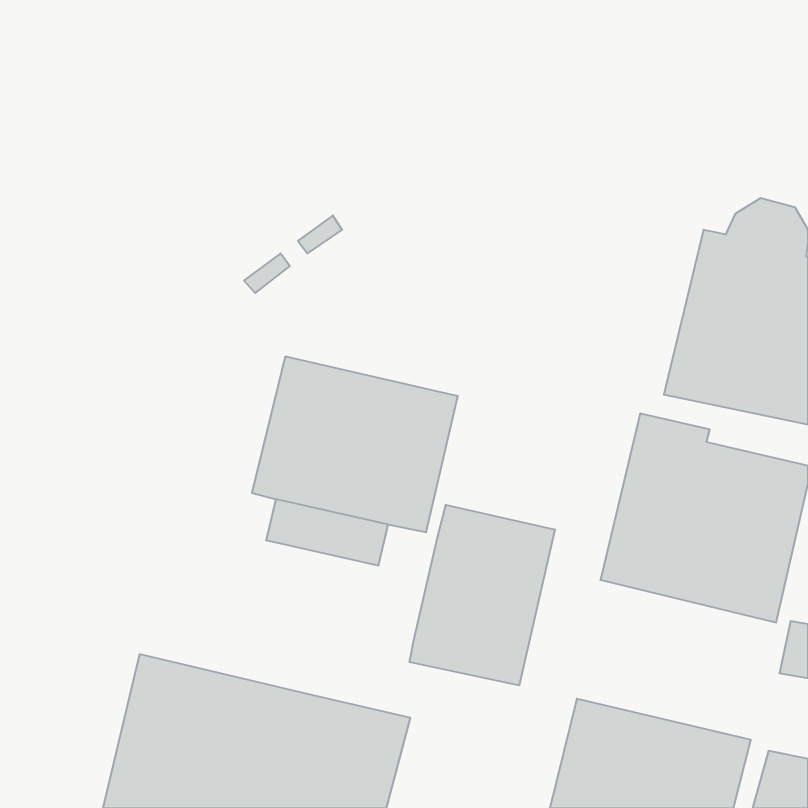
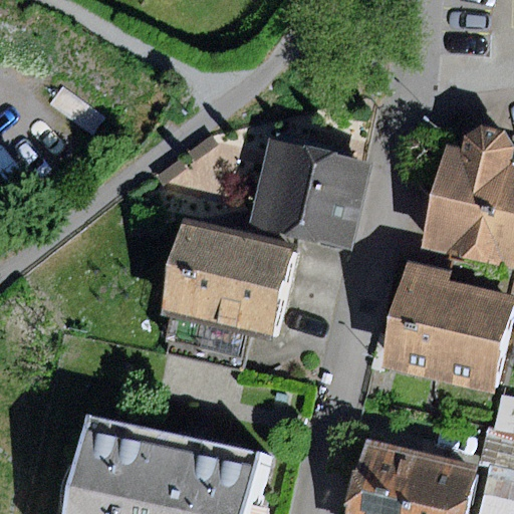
building: none -> [247,133,371,249]
building: [409,505,555,685] -> none

